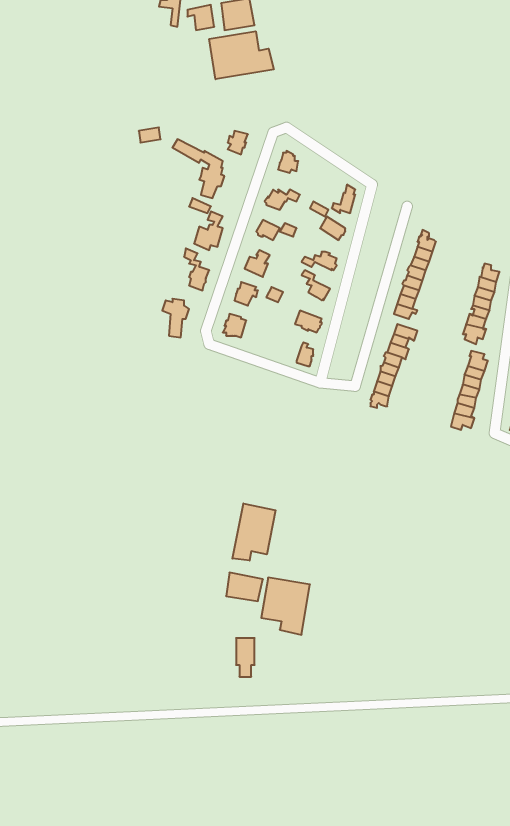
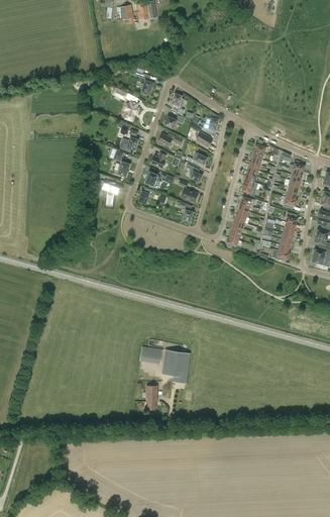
building: [209,31,274,79] -> none
building: [232,503,276,561] -> none

